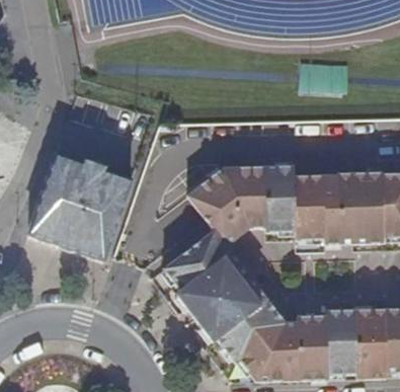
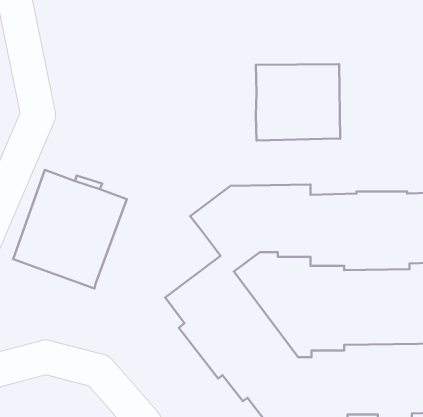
building: none -> [256,64,340,140]

